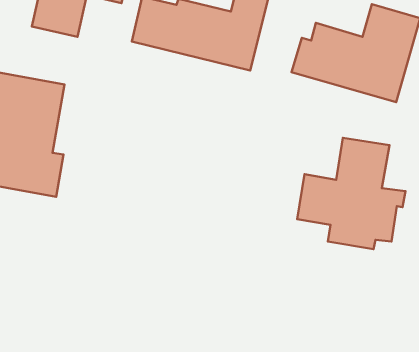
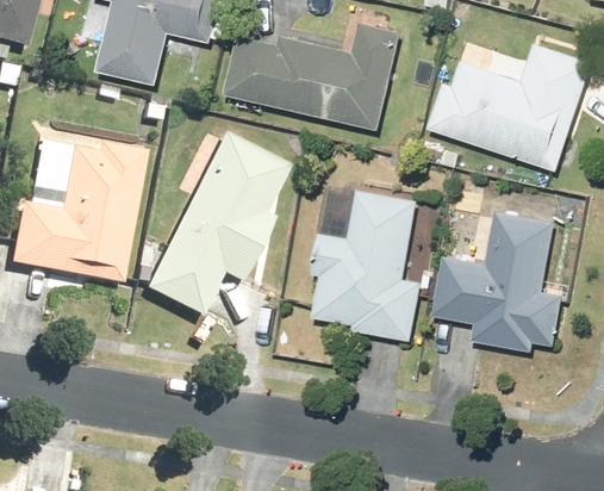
building: none -> [137,135,282,317]
building: none -> [313,188,424,342]

